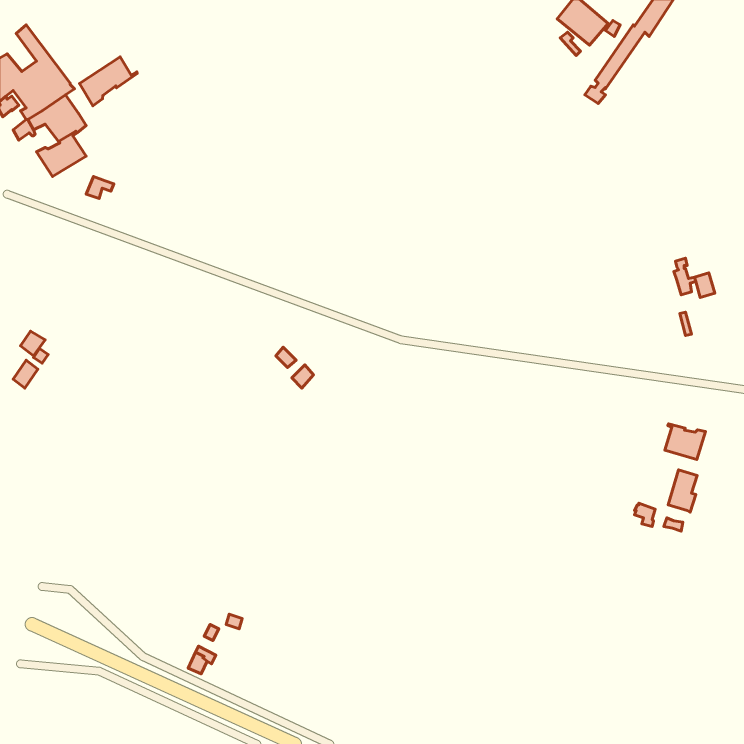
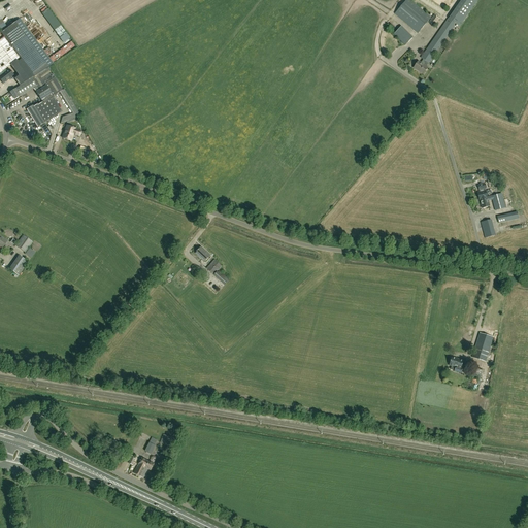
building: [79,57,137,106] -> none
building: [665,424,706,459] -> none

